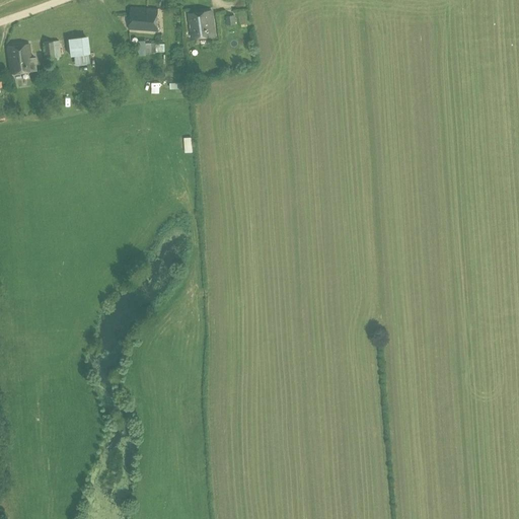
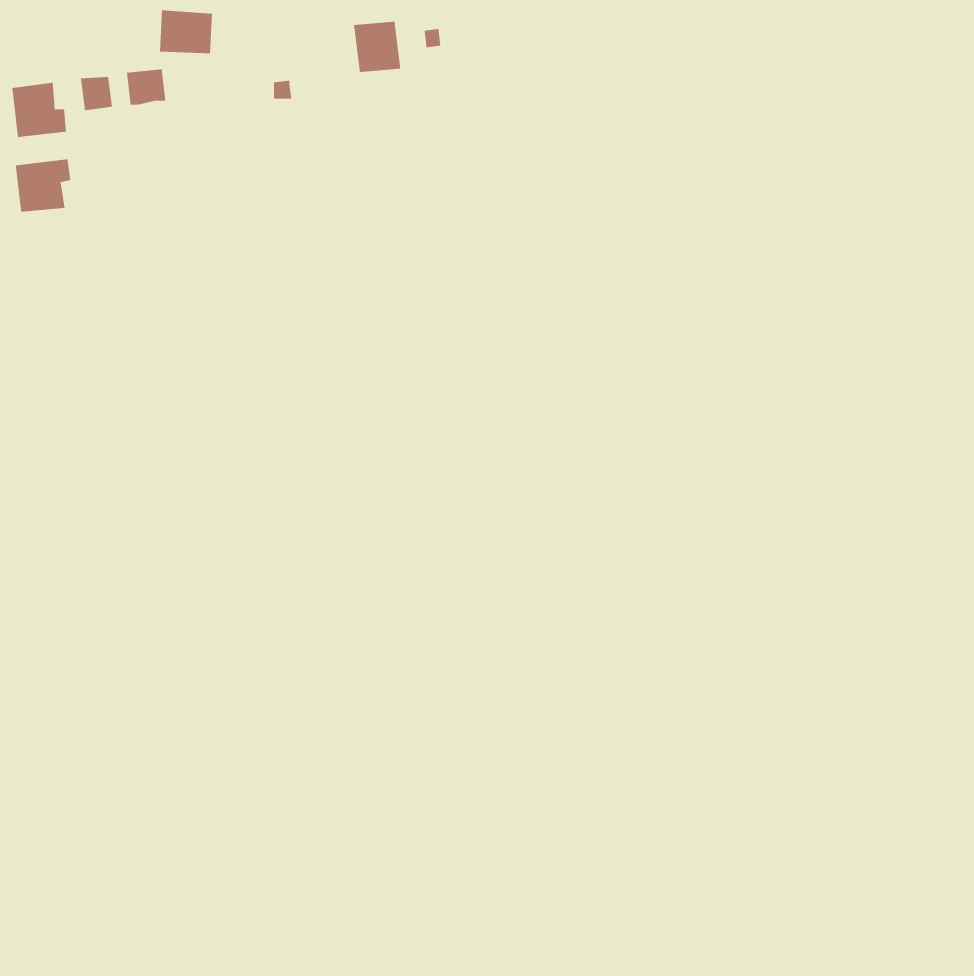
building: [129,7,157,30] -> [159,10,213,54]
building: none -> [15,159,71,213]

